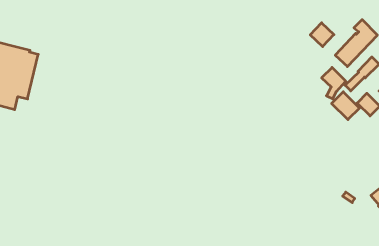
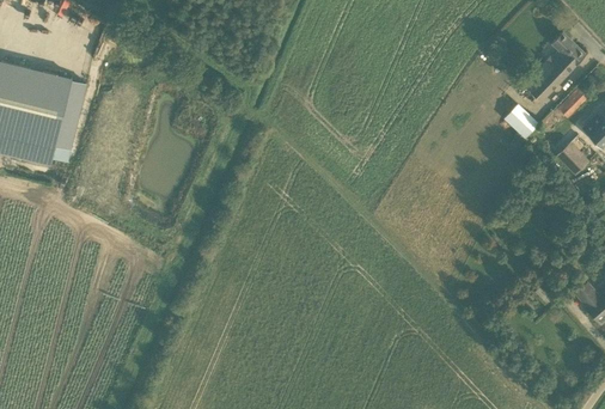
building: [310,23,334,47] -> none
building: [332,92,360,120] -> none

